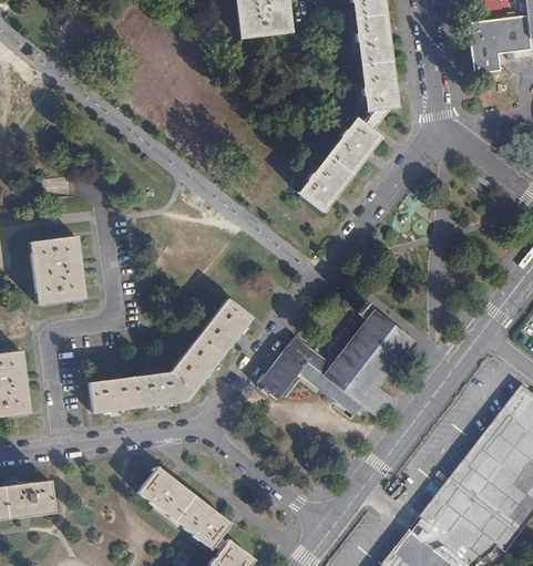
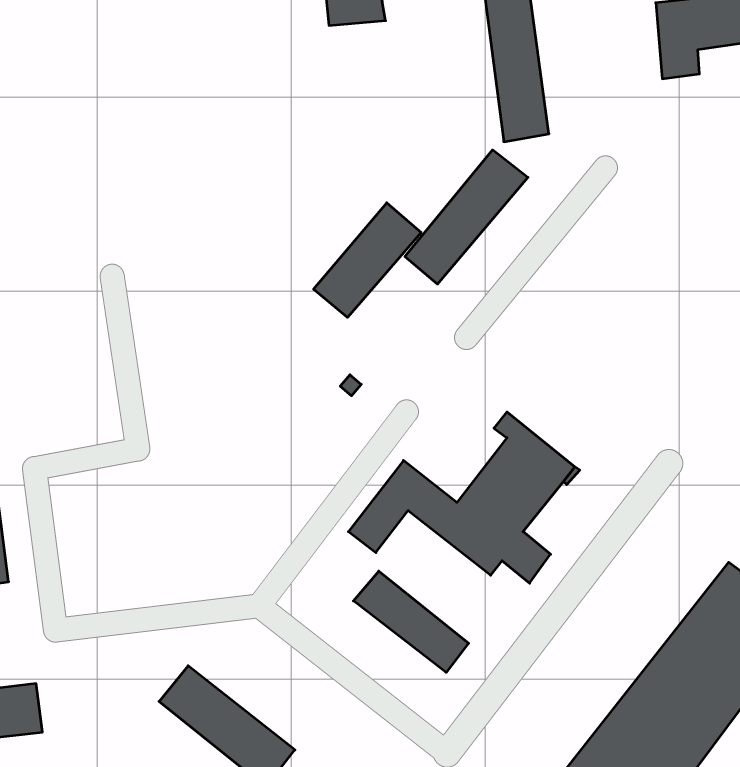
building: none -> [314,203,421,317]
building: [31,238,83,303] -> none
building: [85,302,248,412] -> none
building: none -> [353,571,469,672]

